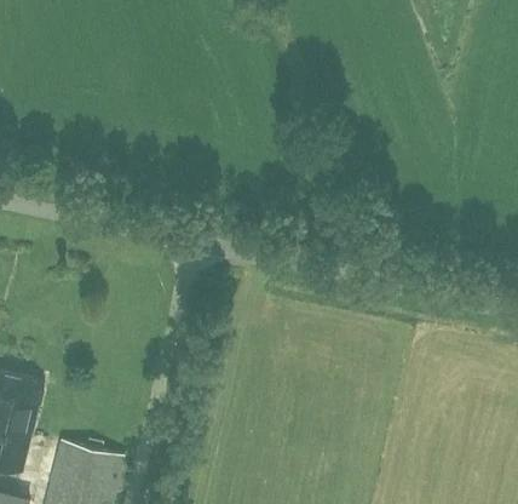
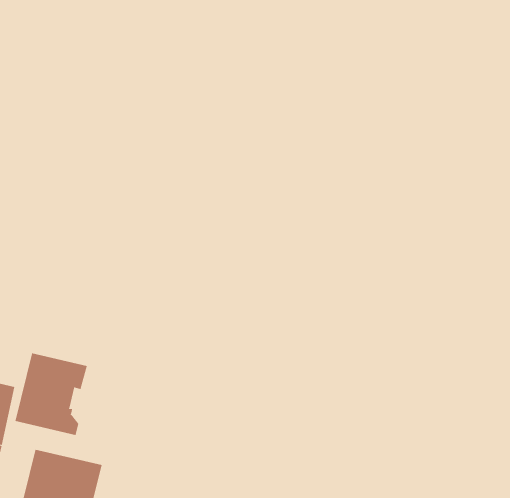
building: none -> [15,353,88,436]

